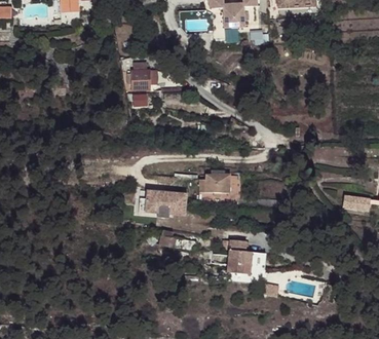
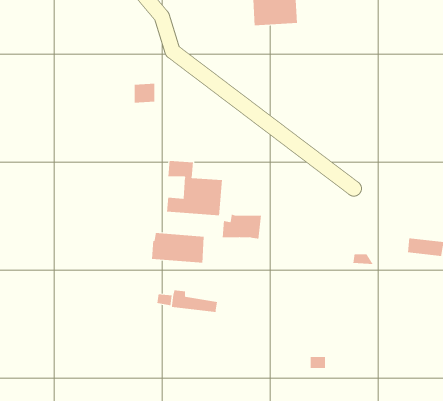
building: none -> [167,160,222,216]
building: [223,239,247,273] -> none

